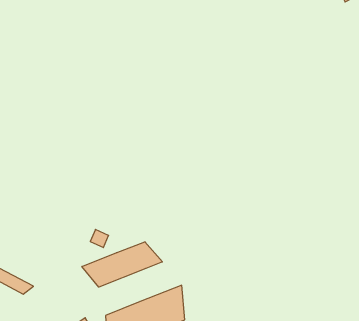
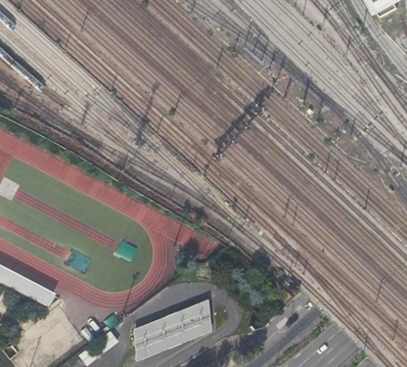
building: [82,242,162,287] -> none

